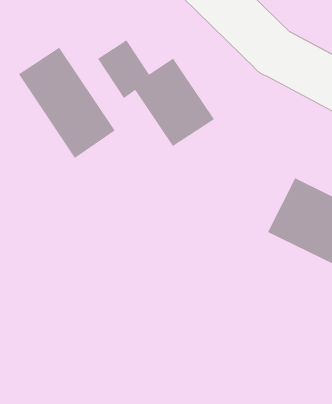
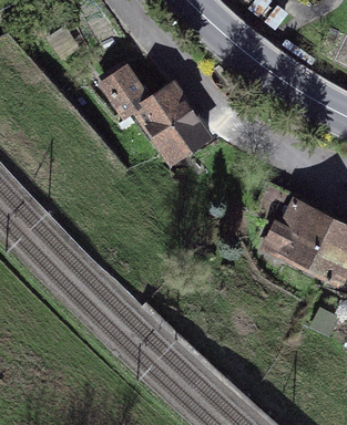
building: [18,47,116,159] -> none

